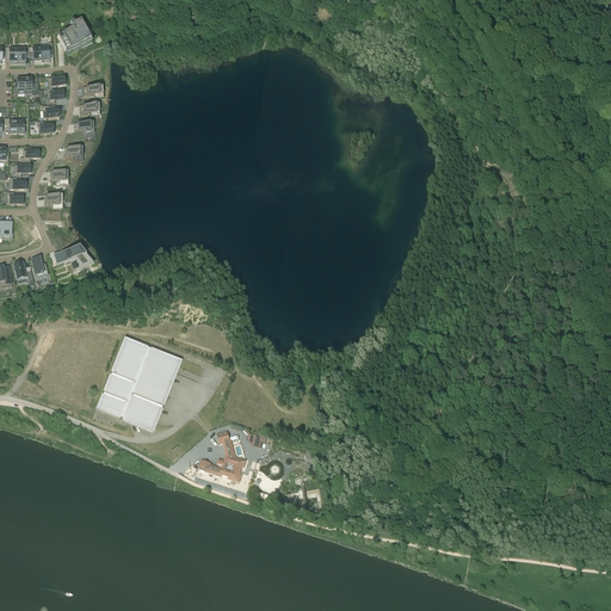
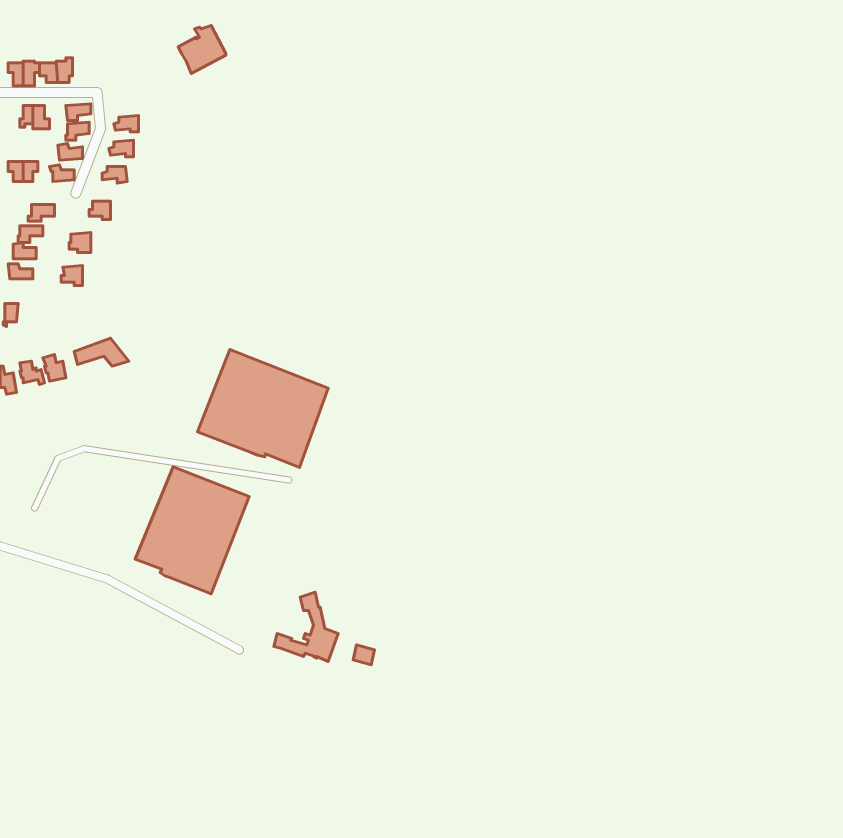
building: [57,19,92,54] -> [178,26,226,73]
building: none -> [198,350,328,467]

